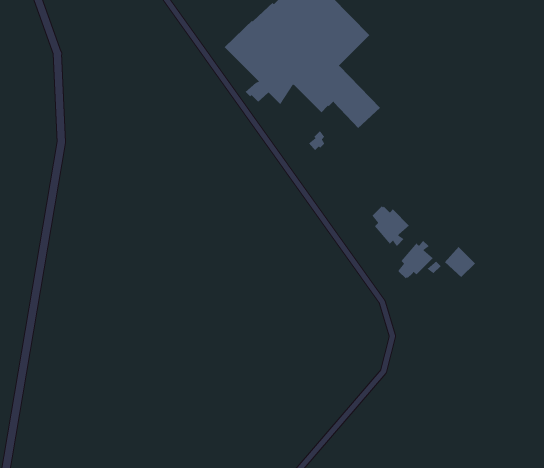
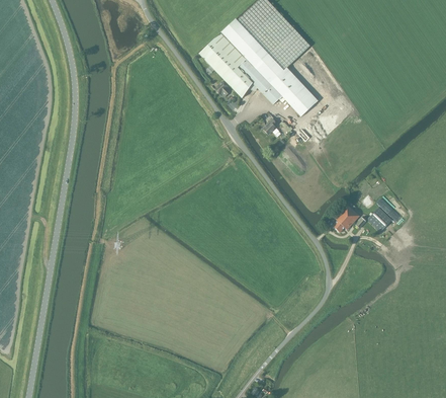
building: [372,205,410,247] -> none

